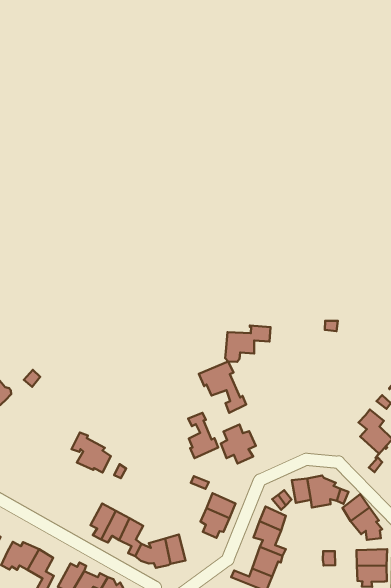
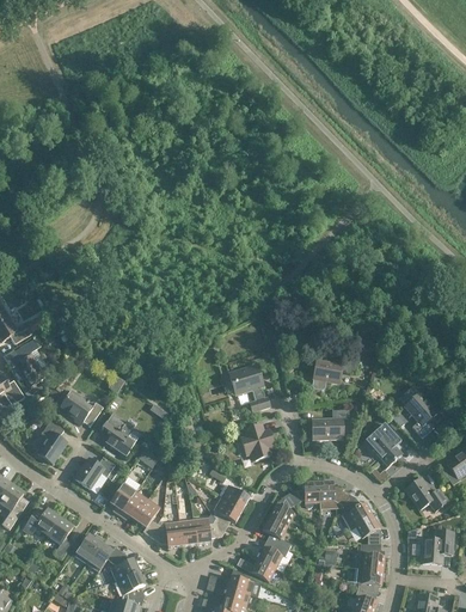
building: [225,326,271,362] -> [311,356,356,388]
building: none -> [311,409,345,439]
building: none -> [59,388,102,426]
building: [188,413,218,458] -> none
building: none -> [36,420,66,463]
building: none -> [73,455,114,491]
building: none -> [191,518,226,544]

